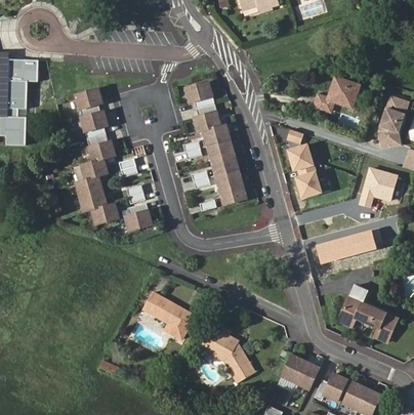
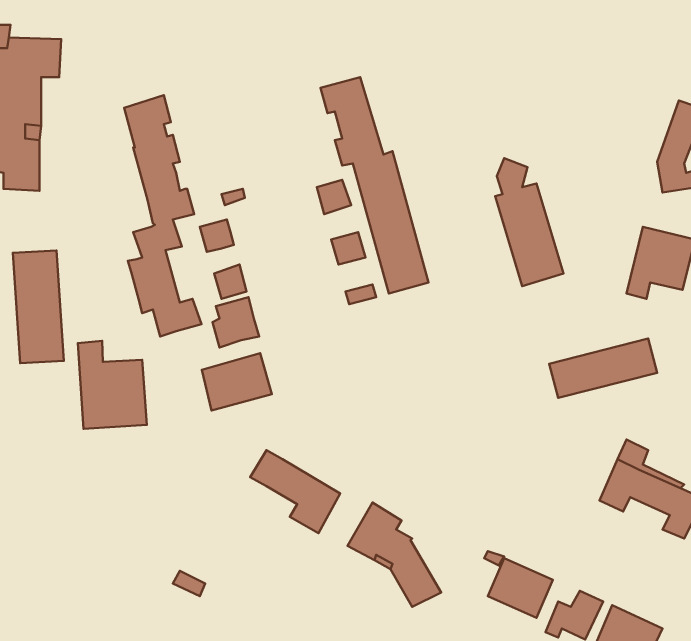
building: [314,76,358,109] -> none
building: none -> [13,250,64,363]
building: none -> [78,341,147,429]
building: none -> [202,353,272,411]

